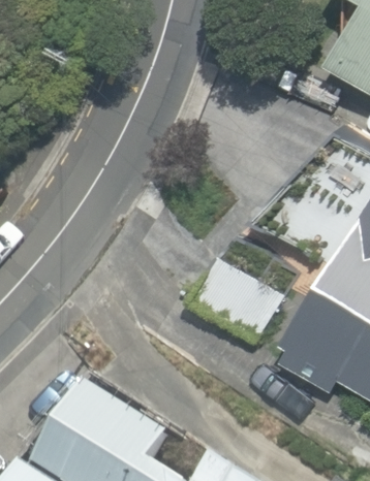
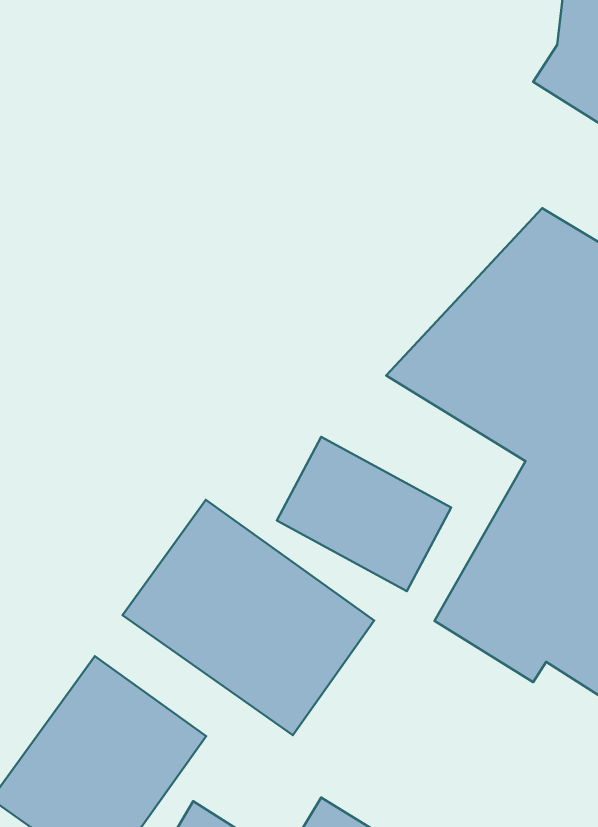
building: none -> [122,500,374,735]

